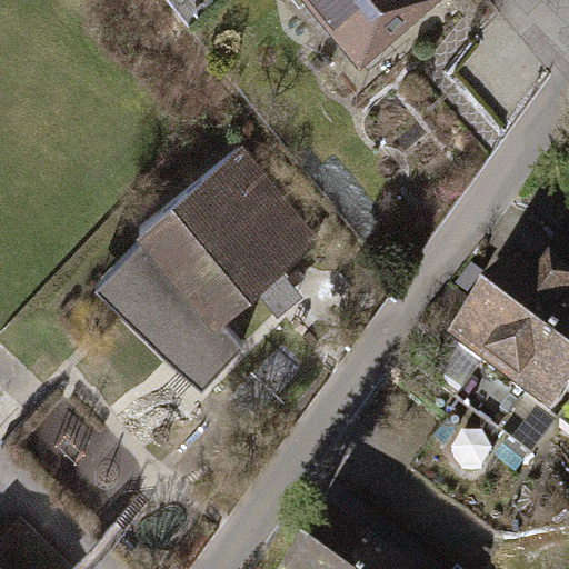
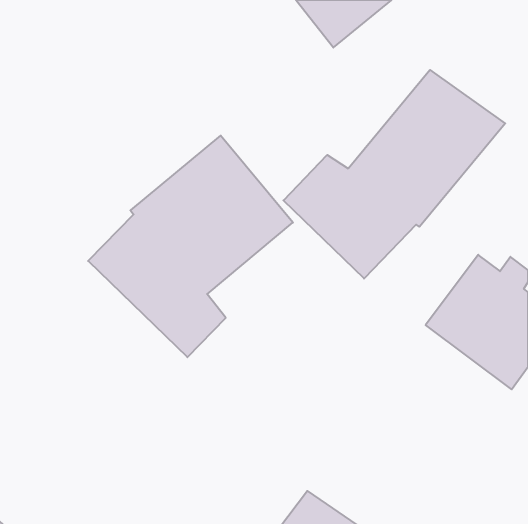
building: none -> [283,70,505,279]

